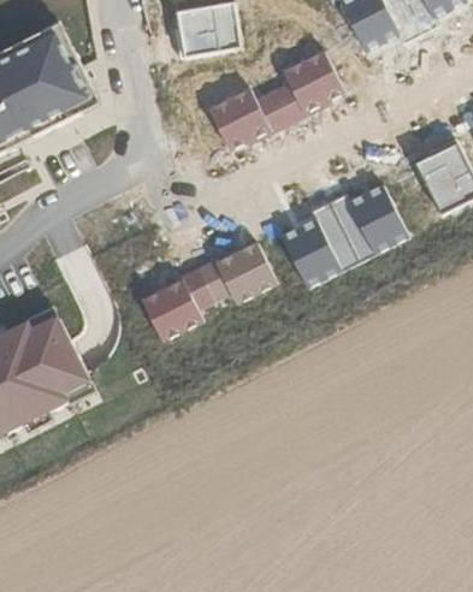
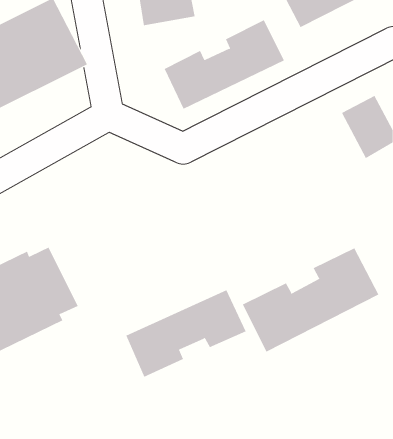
building: [272,171,410,288] -> none
building: [134,237,276,341] -> [126,290,246,378]
building: none -> [242,247,379,352]

